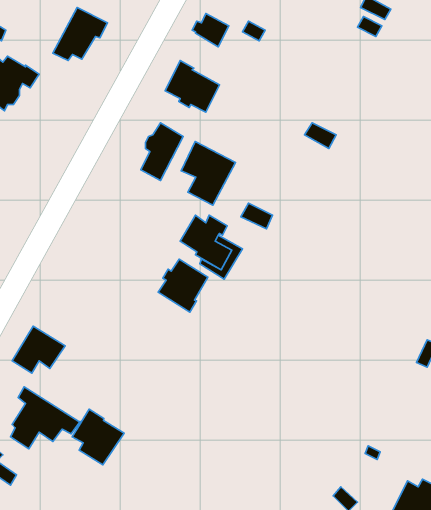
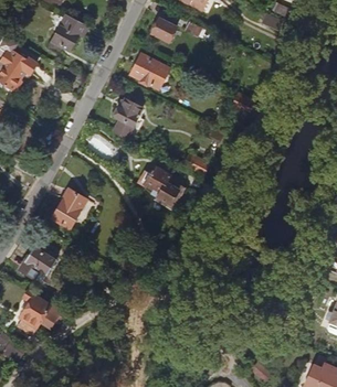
building: [181,142,235,205] -> none
building: none -> [51,189,94,233]
building: [158,259,208,312] -> none
building: [72,409,124,465] -> none

